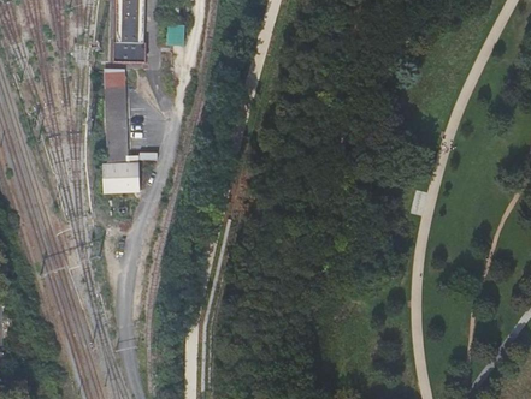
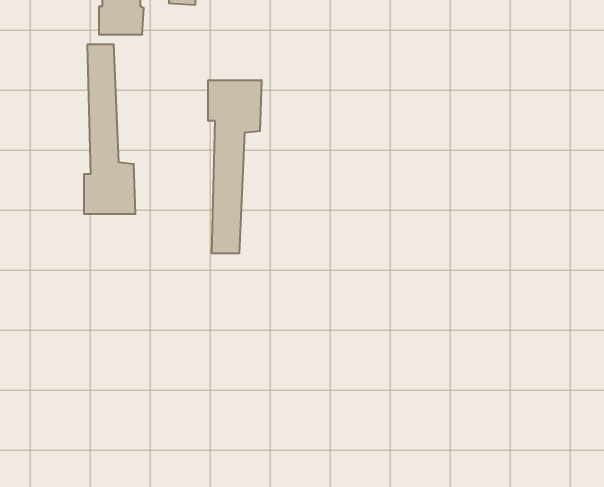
building: none -> [208,80,262,253]

